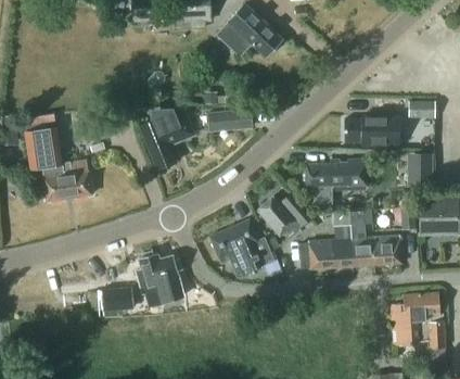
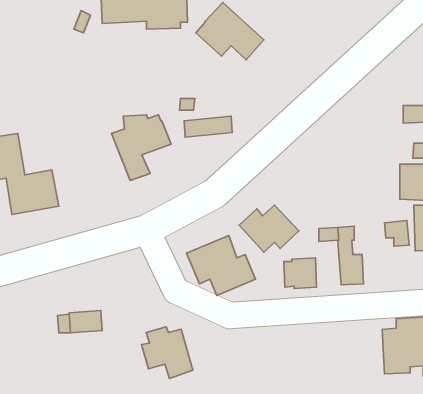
building: [345,115,400,147] -> none
building: [307,160,369,204] -> none
building: [373,235,401,264] -> none
building: [330,238,354,267] -> none
building: [135,254,182,302] -> [141,327,193,378]

